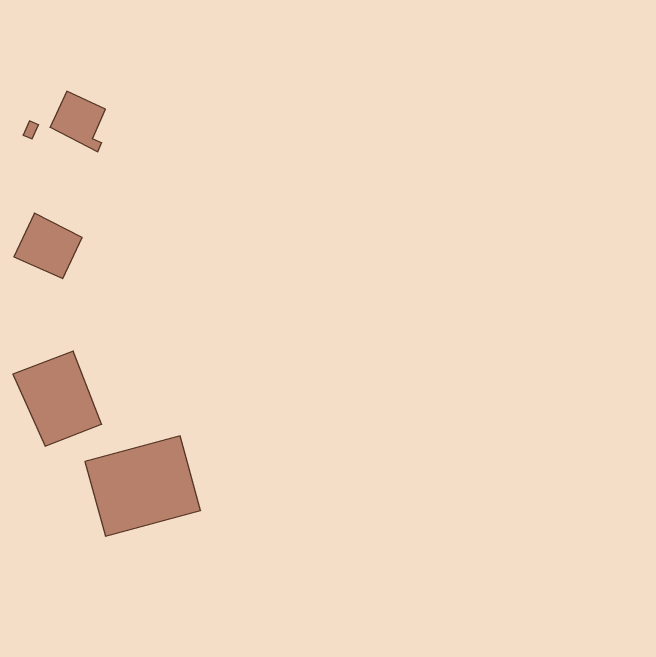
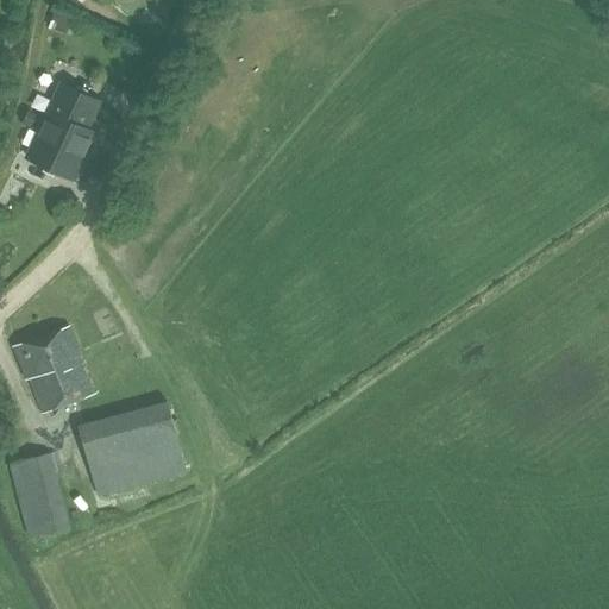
building: [14,213,82,279] -> [27,118,90,178]
building: none -> [8,453,70,539]

